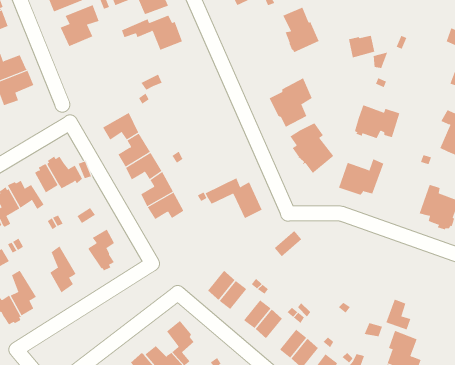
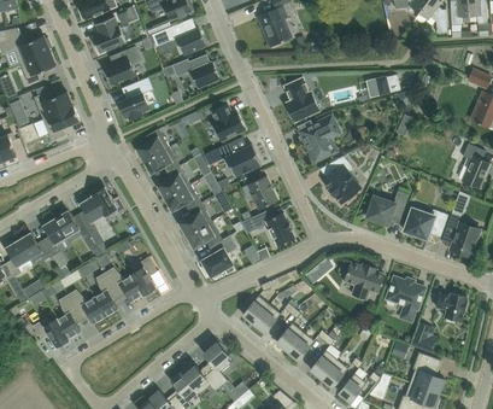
building: [282,7,320,53] -> [283,77,318,121]
building: none -> [118,77,153,119]
building: none -> [211,103,245,140]
building: none -> [136,128,169,160]
building: [354,104,400,139] -> [404,205,447,238]
building: none -> [201,142,260,176]
building: none -> [241,175,277,209]
building: none -> [201,235,235,276]
building: none -> [344,262,383,299]
building: none -> [104,267,142,300]
building: none -> [386,276,425,321]
building: none -> [66,288,105,323]
building: none -> [435,292,466,322]

